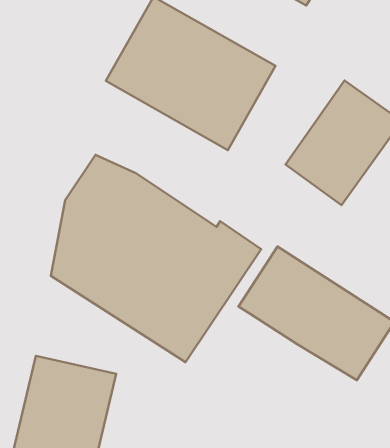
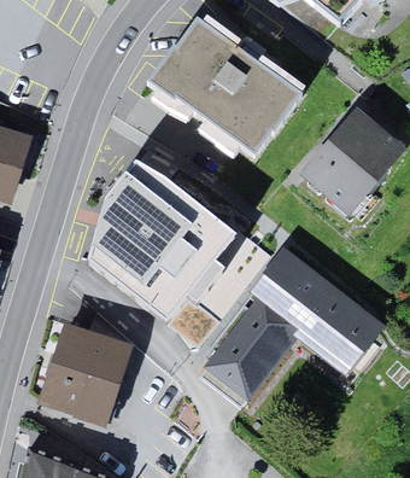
building: none -> [204,303,293,401]

